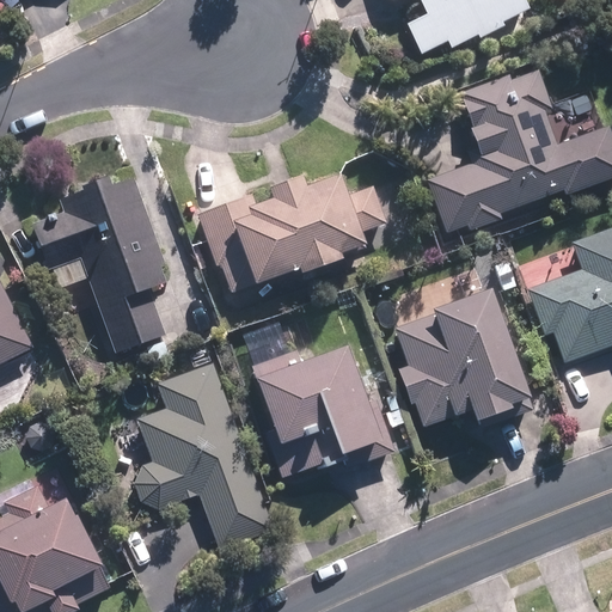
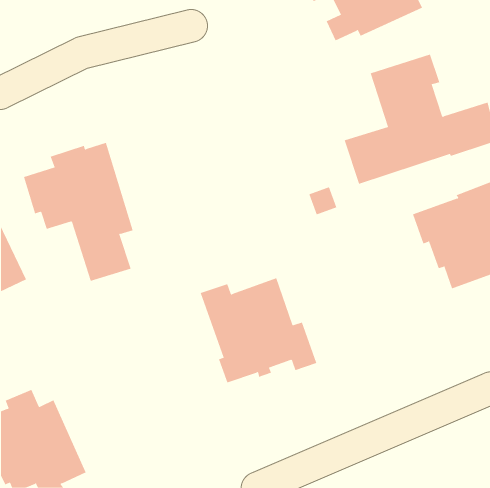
building: [197,173,386,294] -> none
building: [393,289,528,429] -> none
building: [135,361,275,550] -> none

